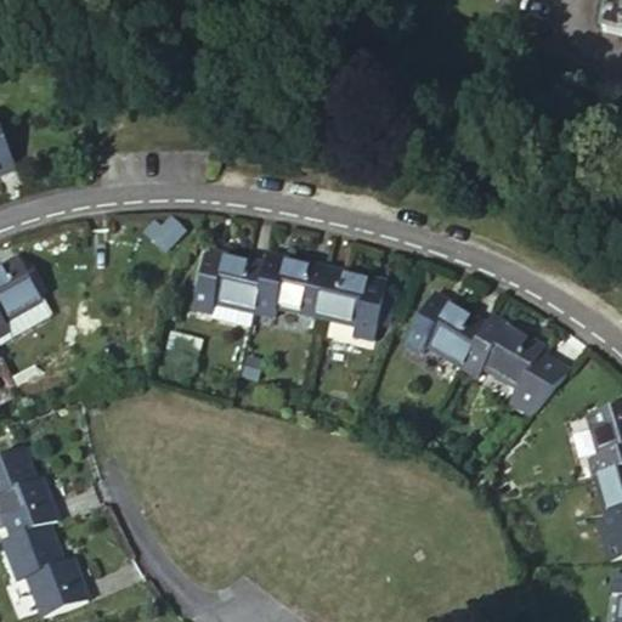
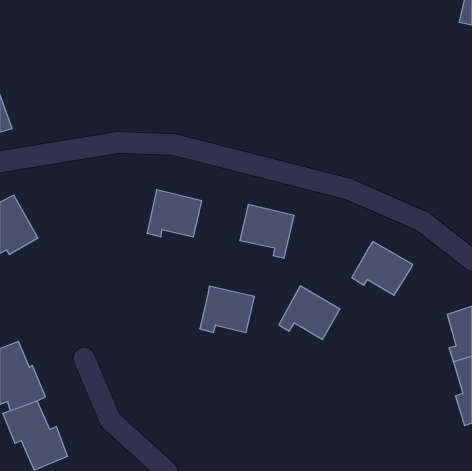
building: [254,255,326,316] -> [200,286,254,333]
building: [405,294,485,364] -> [279,286,340,340]
building: [509,352,569,414] -> none

